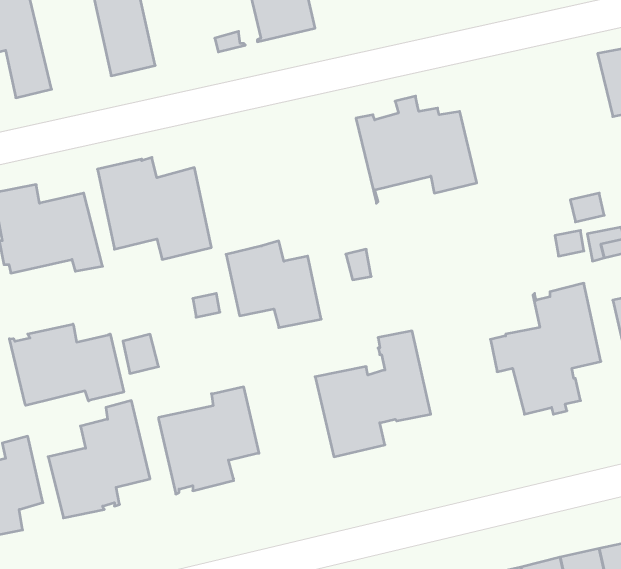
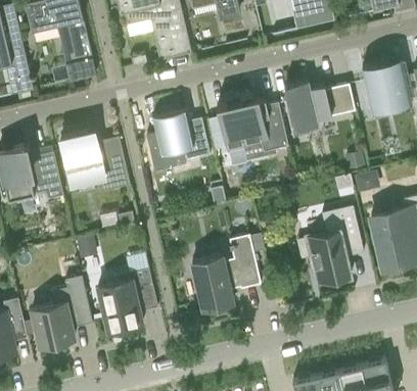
building: none -> [284,82,355,133]
building: [226,241,321,328] -> [152,110,210,162]
building: [9,324,124,405] -> none

